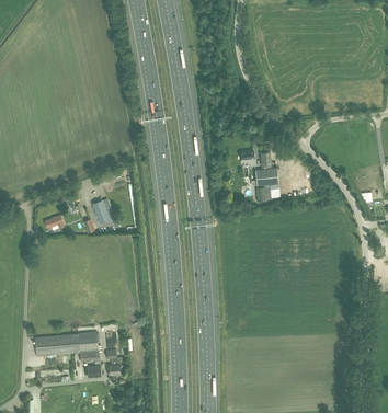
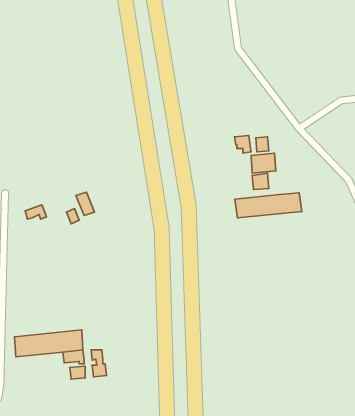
building: none -> [235,193,302,218]

